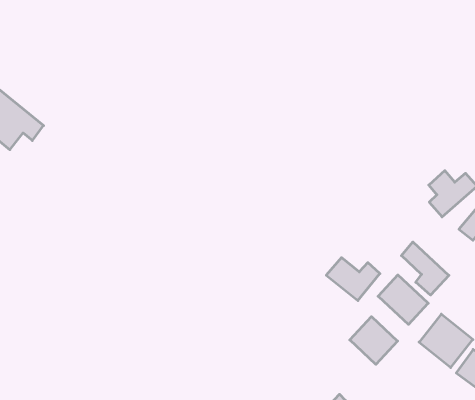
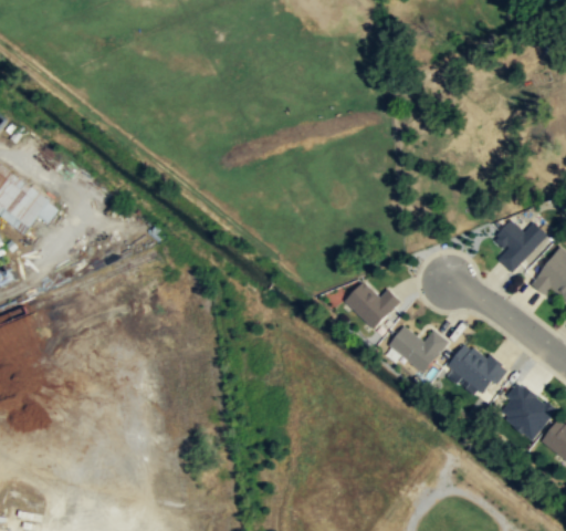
building: none -> [345,283,401,331]
building: [401,242,449,295] -> none
building: [350,317,398,364] -> none

